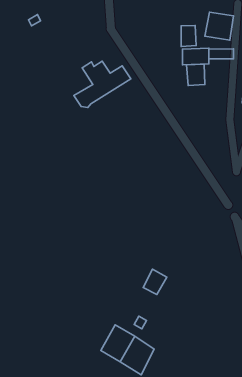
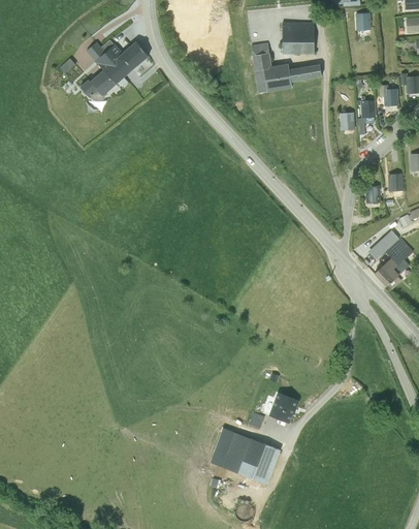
building: [74,61,131,107] -> [77,39,146,100]
building: [186,64,205,85] -> none
building: [143,269,167,294] -> [268,396,296,427]

